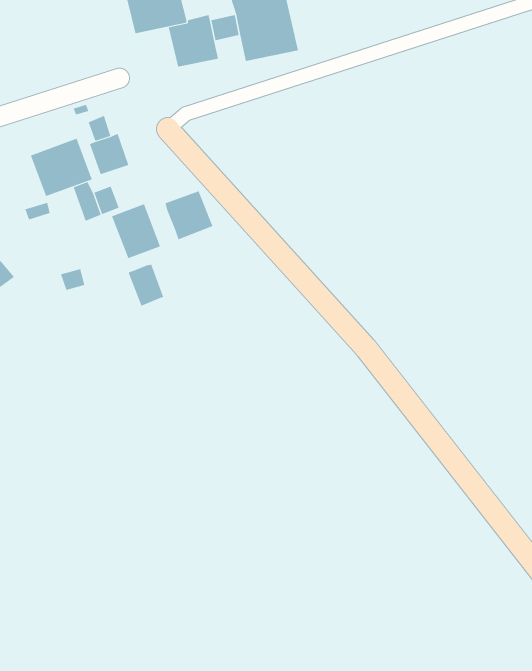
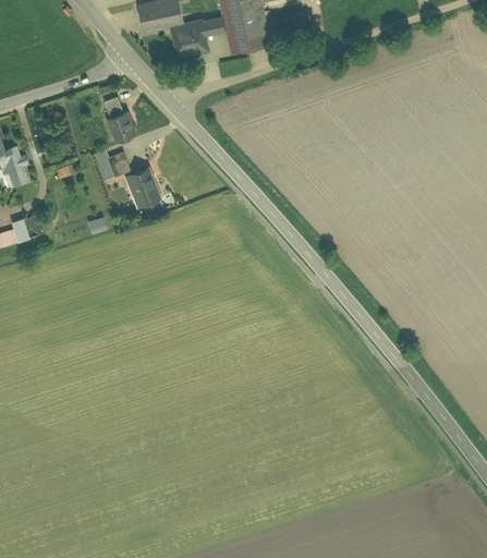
building: [30,138,93,197] -> none
building: [165,190,213,240] -> none
building: [128,264,164,306] -> none

